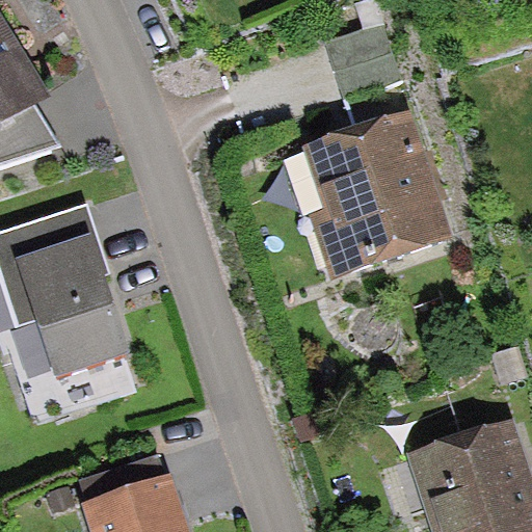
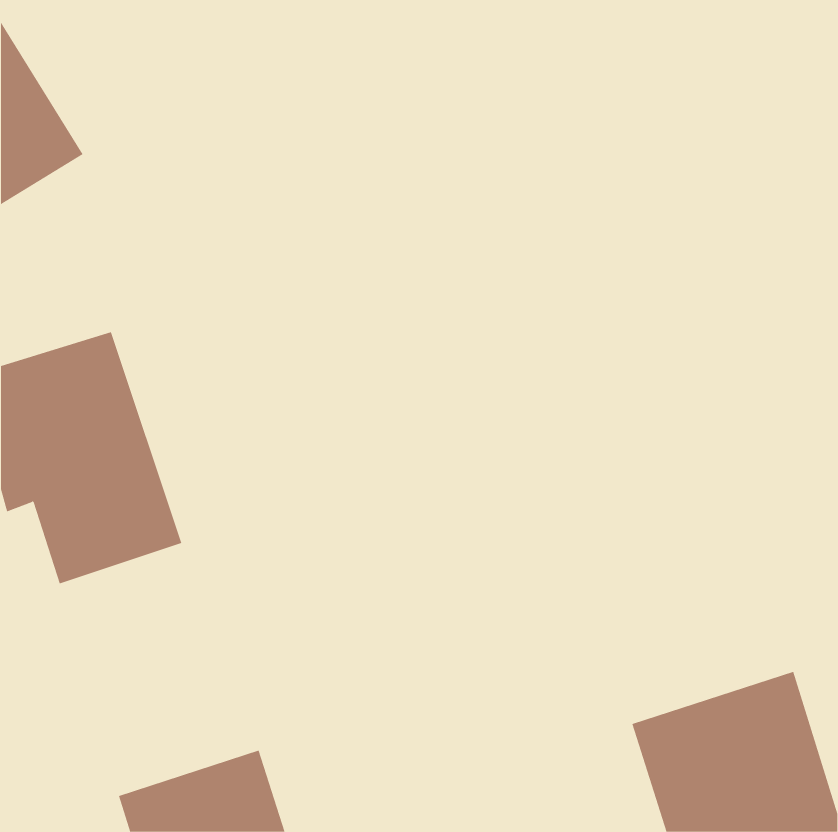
building: [302,111,455,278] -> none

